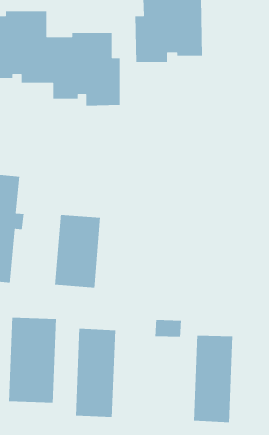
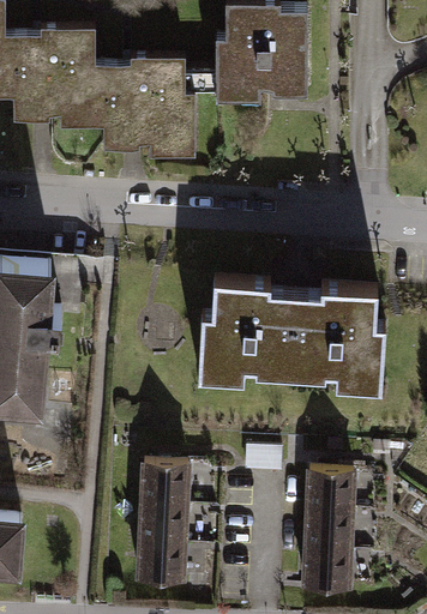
building: none -> [198,281,392,391]
building: [54,214,101,288] -> none
building: [8,317,57,404] -> none

